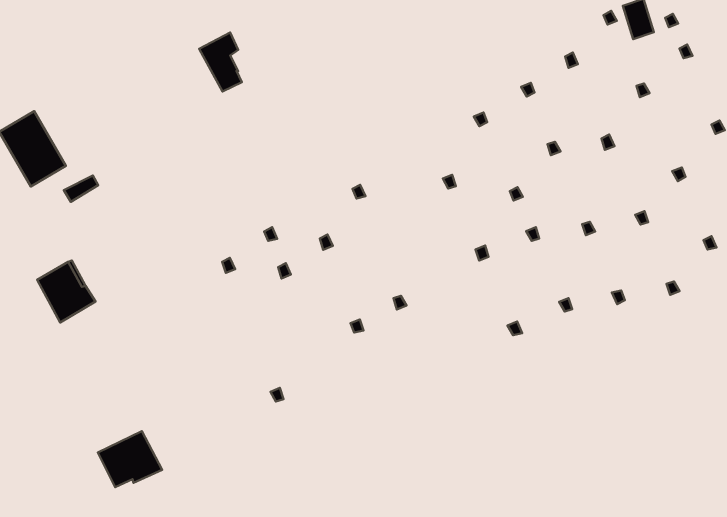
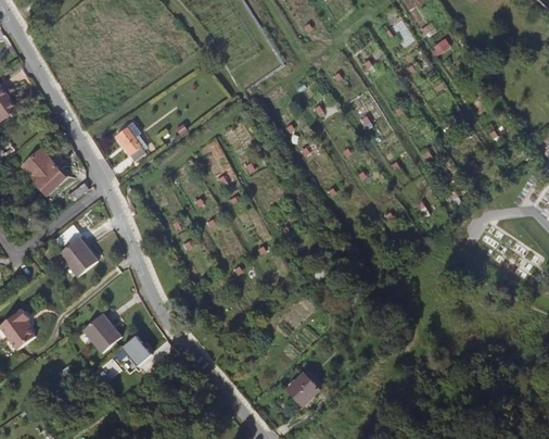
building: [199,33,242,92] -> [115,123,144,160]
building: none -> [84,314,122,353]

